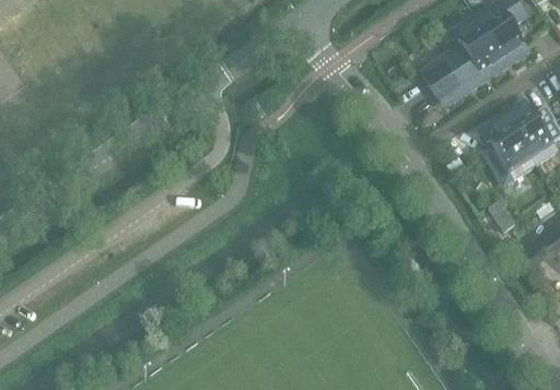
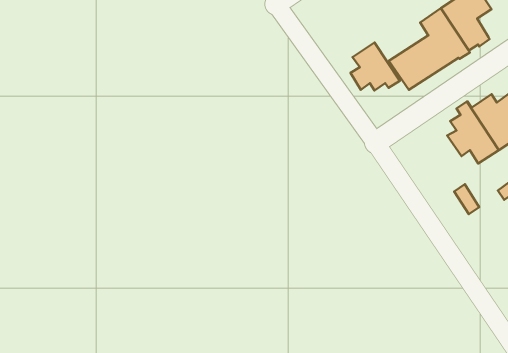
building: none -> [350,43,400,90]

